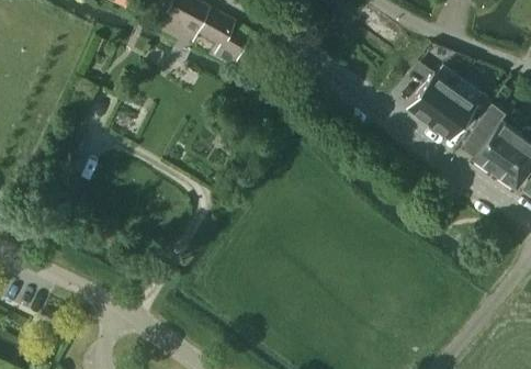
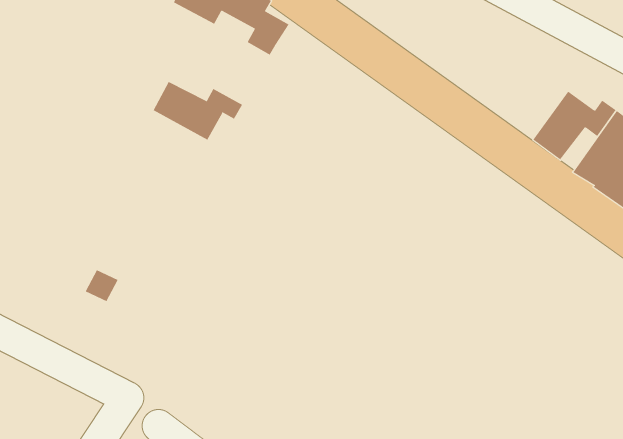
building: [408,70,455,125] -> none
building: none -> [153,81,243,141]

